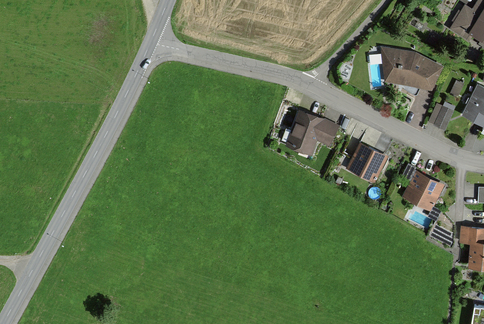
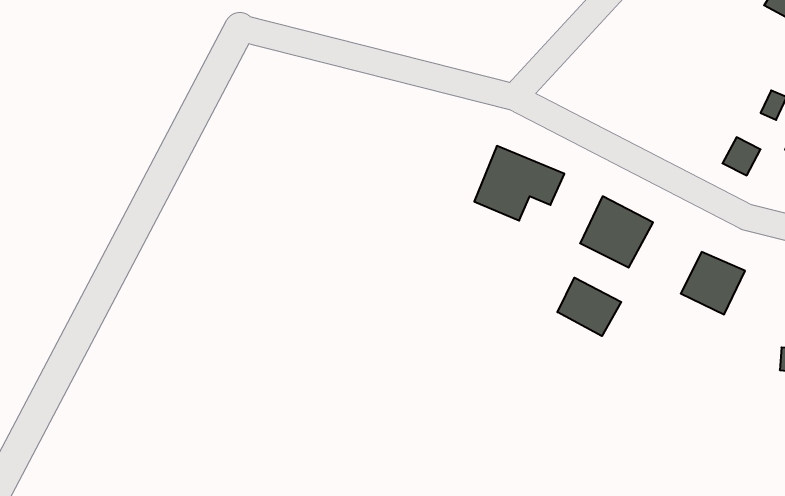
building: [382,49,442,89] -> none
building: none -> [557,278,621,336]

